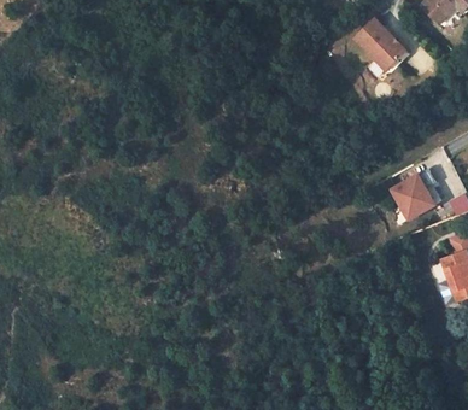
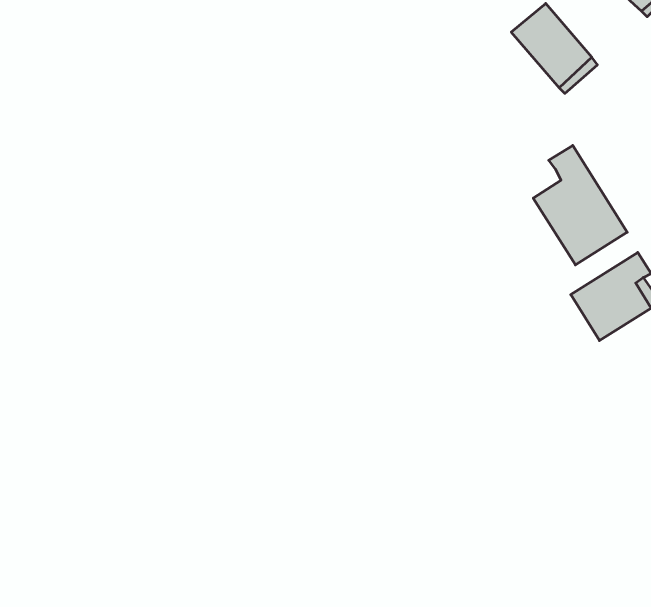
building: none -> [533,145,627,265]

